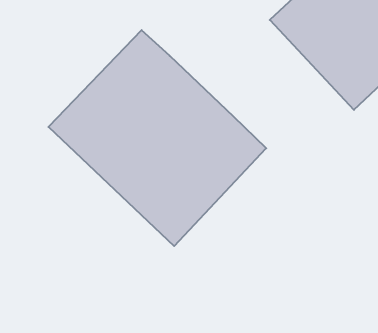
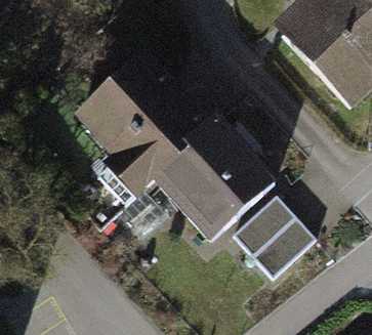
building: none -> [236,189,318,269]

